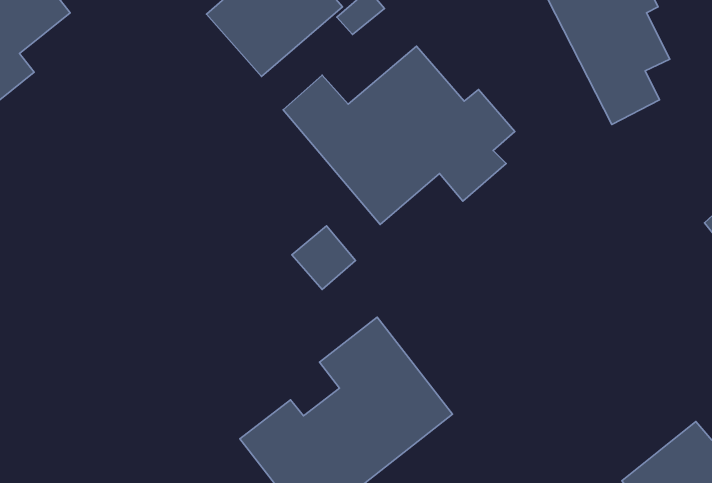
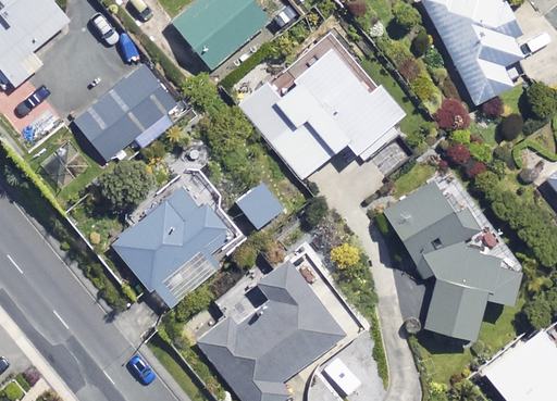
building: none -> [74,64,178,163]
building: none -> [111,177,238,311]
building: none -> [384,183,518,338]

